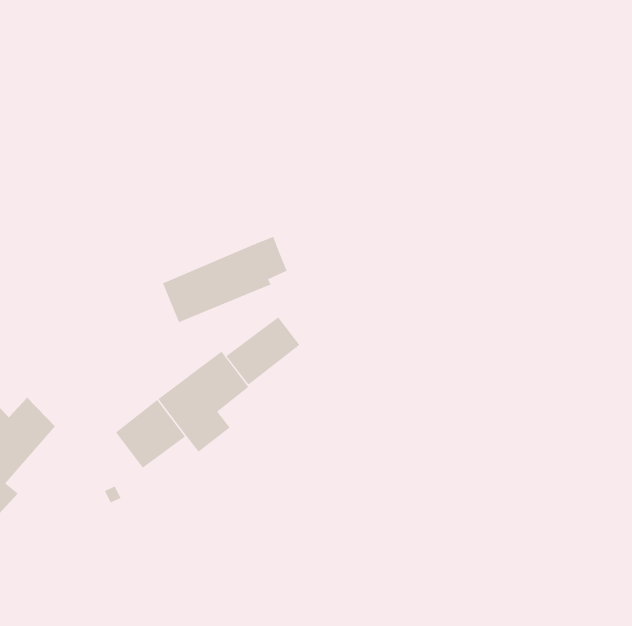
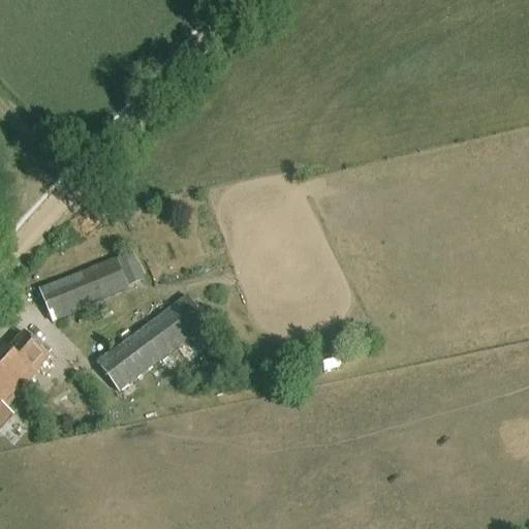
building: [162,236,287,323] -> [38,248,143,320]
building: [226,317,300,386] -> none

